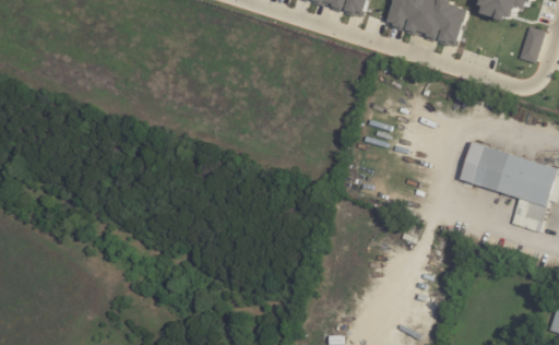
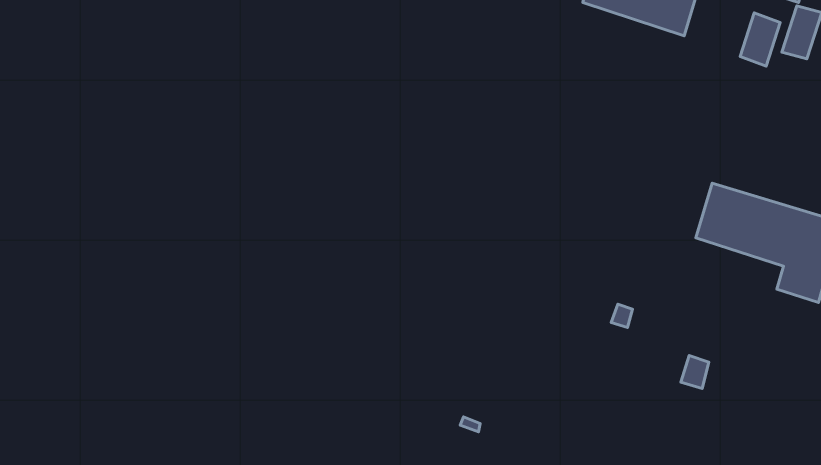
building: none -> [740,13,780,66]

